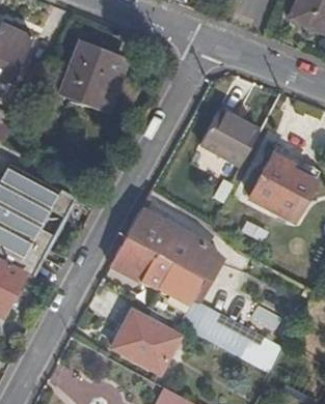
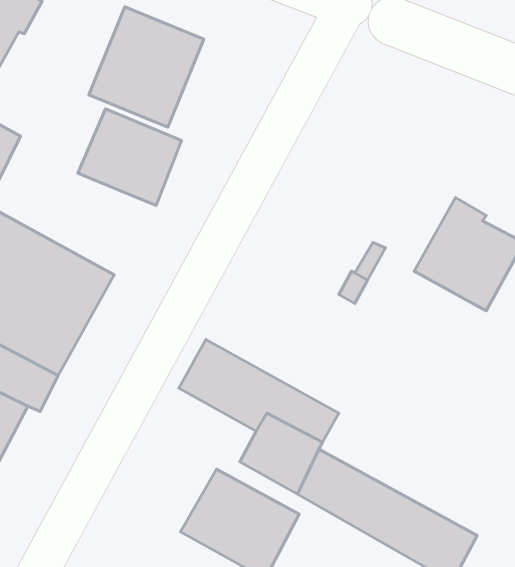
building: none -> [78,109,182,205]
building: [198,107,260,165] -> none
building: [128,208,216,278] -> none

